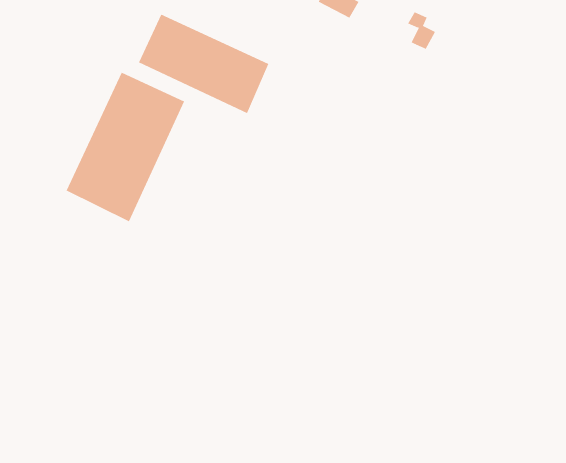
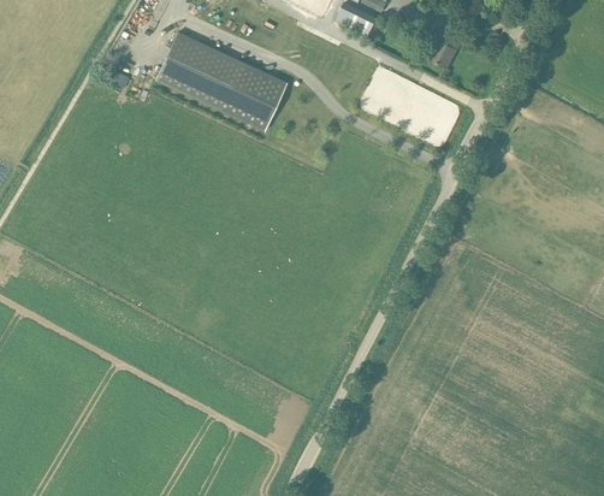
building: [66,72,185,222] -> none

